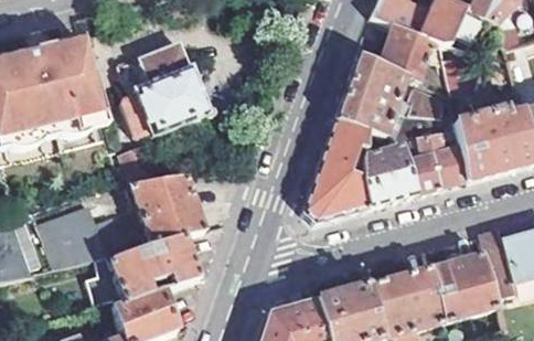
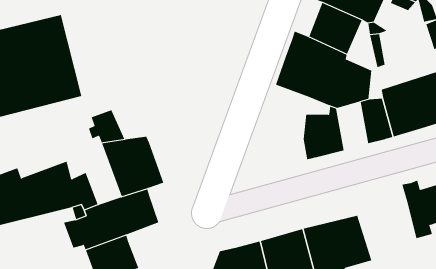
building: [122,40,211,135] -> none
building: [302,116,373,220] -> none
building: [406,136,441,192] -> none
building: [430,252,501,320] -> none

